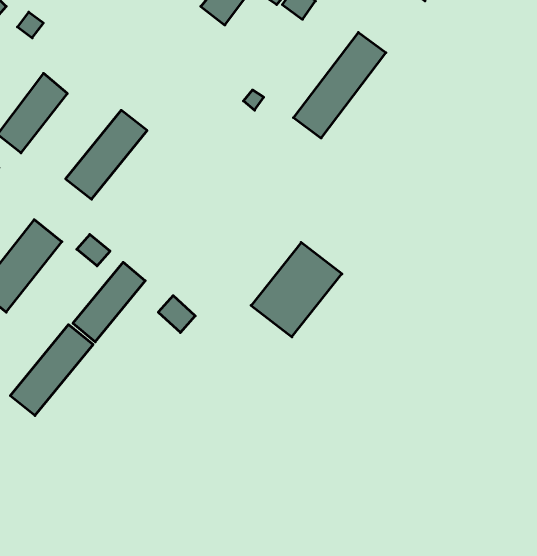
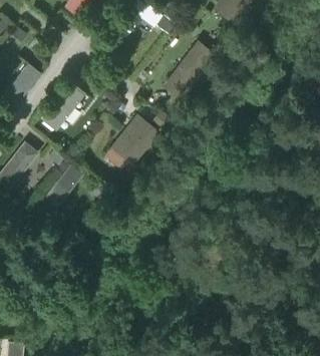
building: [251,242,342,337] -> [111,114,161,165]
building: [10,325,93,416] -> none

